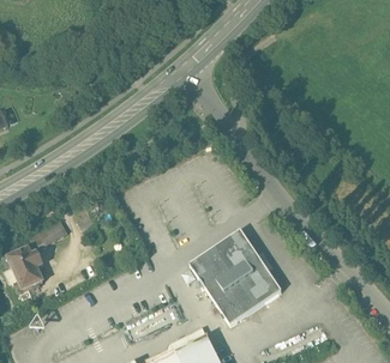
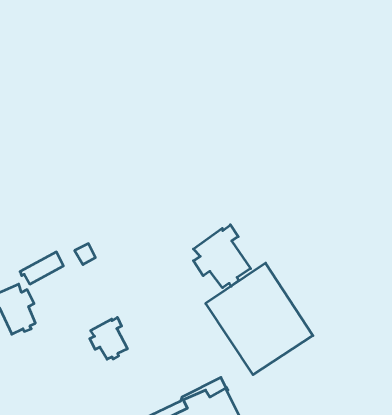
building: none -> [193,225,251,288]
building: none -> [90,317,127,359]

